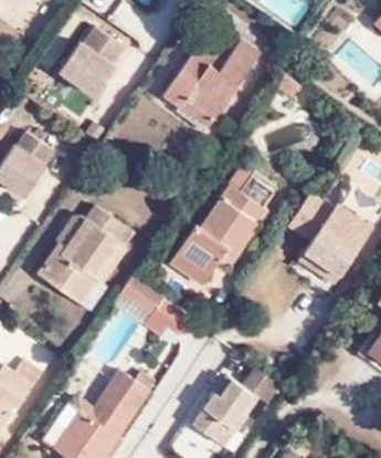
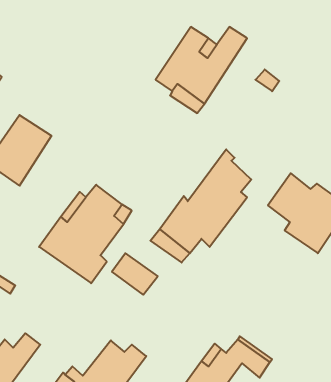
building: [47,25,126,104] -> none

